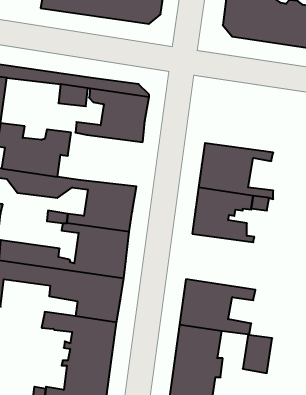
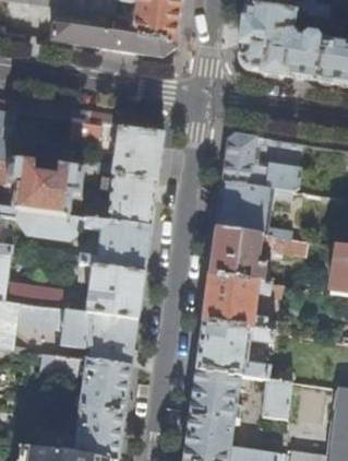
building: none -> [221,133,316,192]
building: none -> [93,173,157,226]
building: none -> [202,275,284,333]

